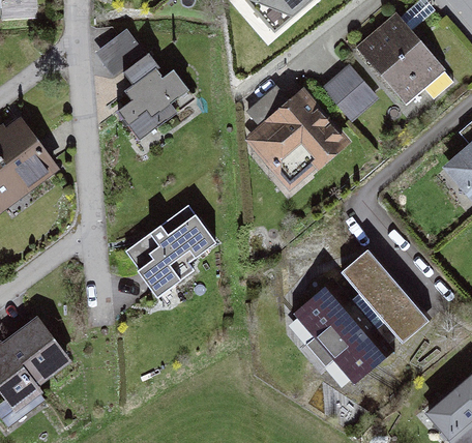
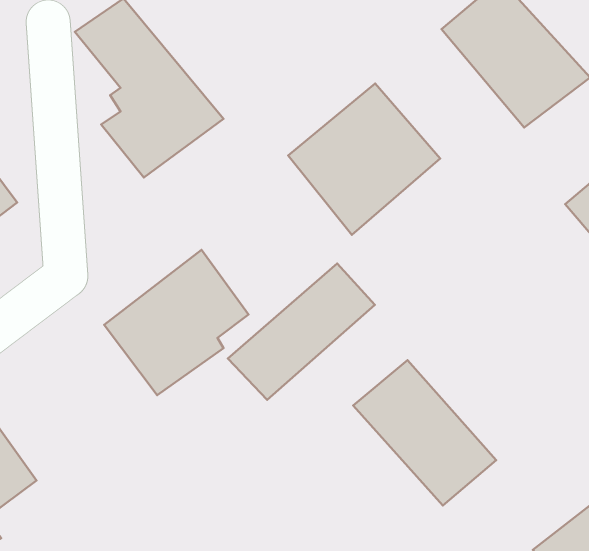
building: [325,63,379,117] -> none
building: none -> [228,263,375,400]
building: [341,254,424,342] -> none

